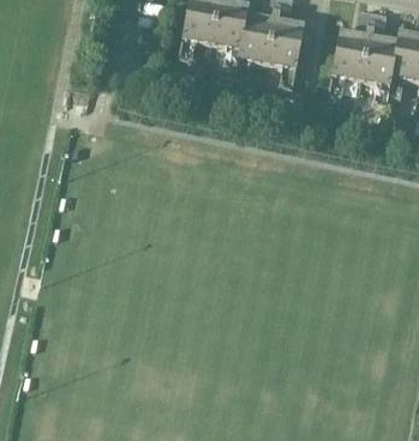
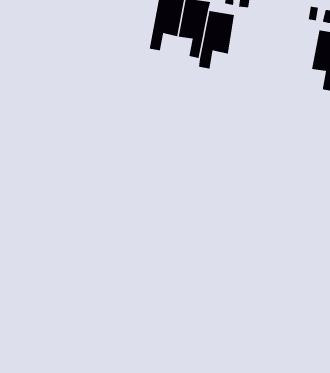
building: [268,19,304,89] -> none
building: [328,31,369,97] -> none

